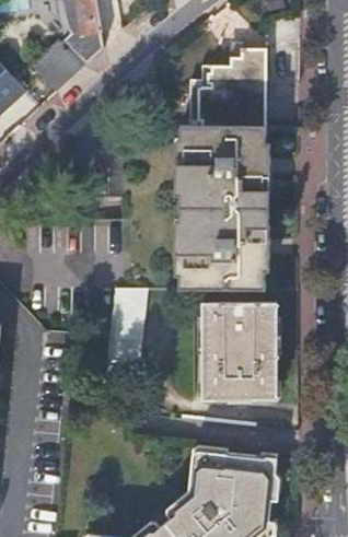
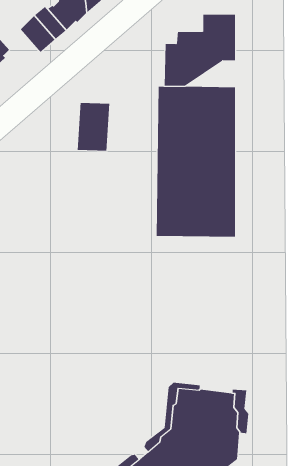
building: [210,98,265,127] -> none
building: [105,288,147,384] -> none
building: [202,303,276,402] -> none

